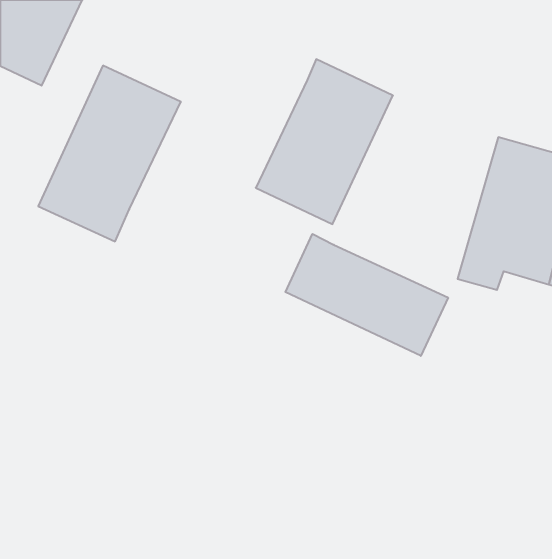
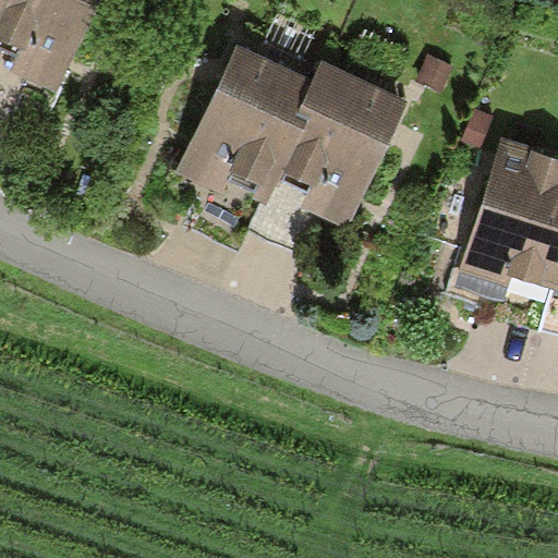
building: [38,66,181,241] -> [172,46,314,220]
building: [285,234,448,356] -> none

